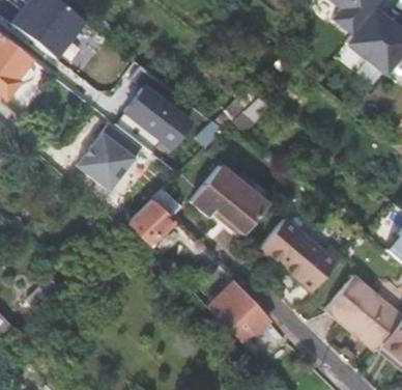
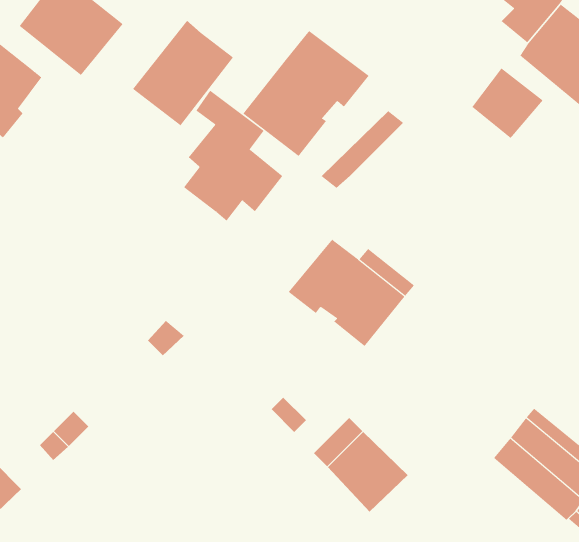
building: none -> [243,30,369,157]
building: none -> [471,67,544,139]
building: [77,120,144,191] -> [132,20,234,126]
building: [128,199,174,248] -> none
building: [258,218,338,290] -> none

